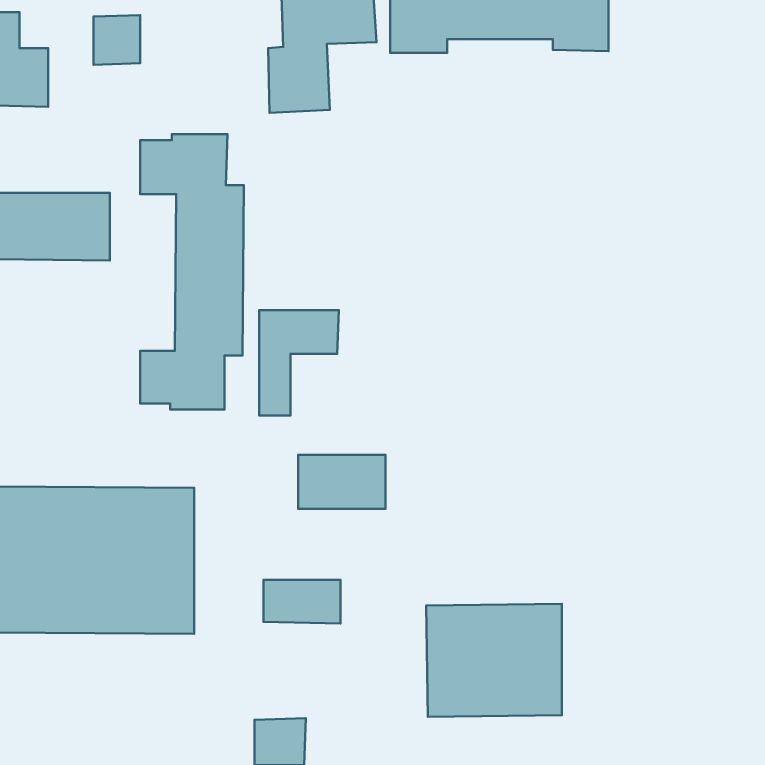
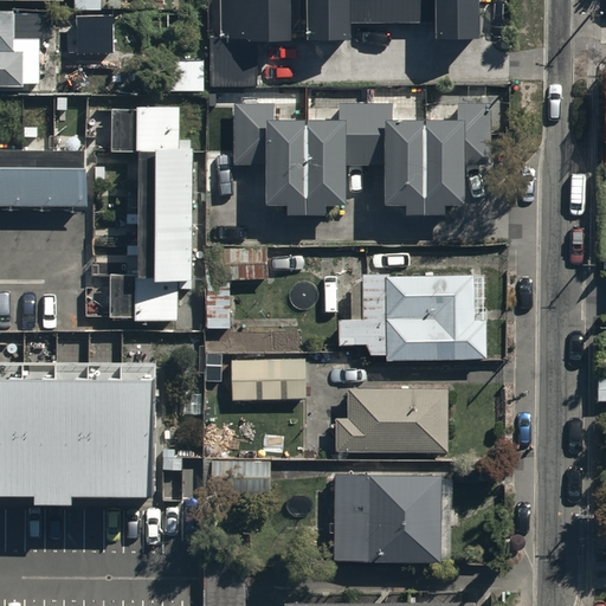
building: none -> [232,109,490,215]
building: none -> [337,273,486,360]
building: none -> [333,388,444,451]

